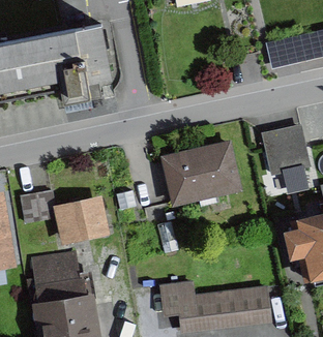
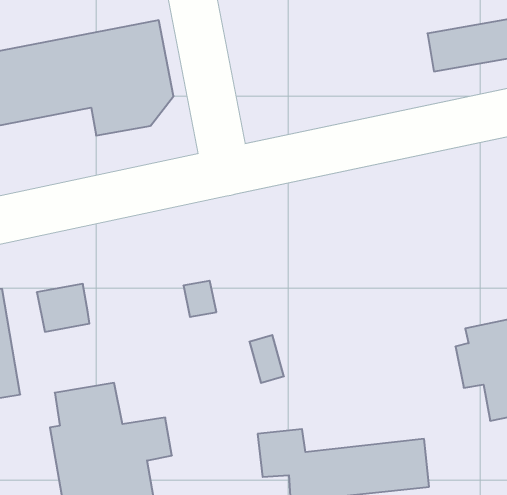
building: [263,126,313,176] -> none
building: [164,144,239,203] -> none
building: [56,198,110,244] -> none

